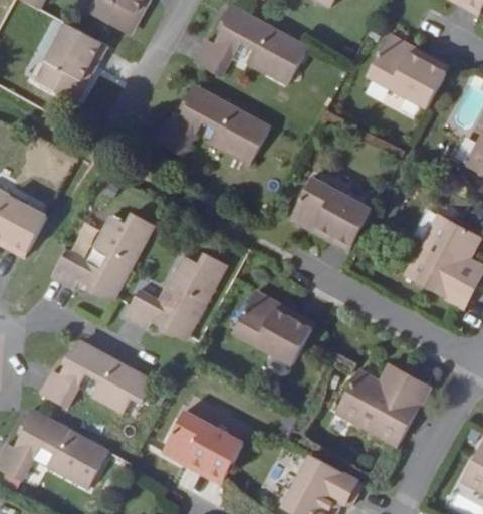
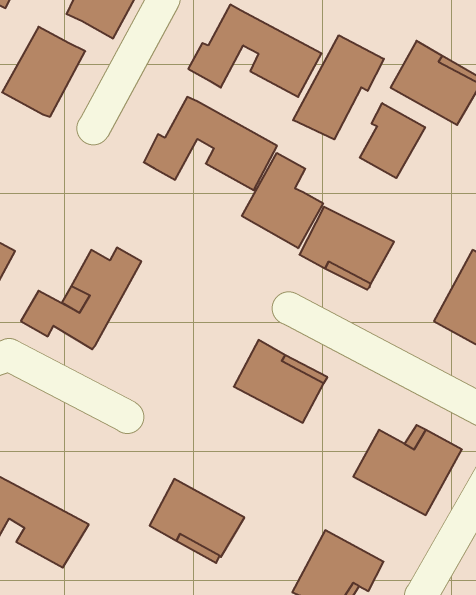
building: none -> [293,35,384,139]
building: none -> [360,103,425,178]
building: none -> [242,153,323,248]
building: [124,253,227,339] -> none
building: [39,339,155,413] -> none

